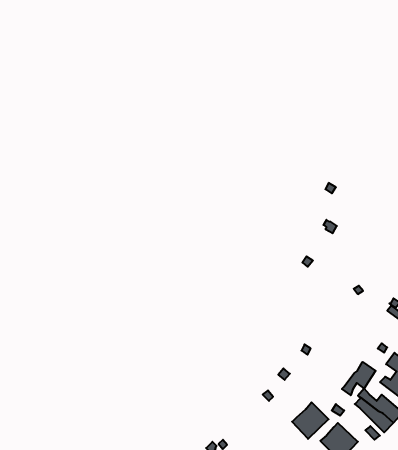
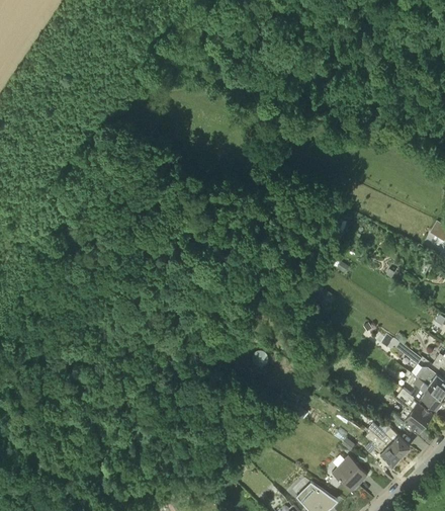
building: [342,362,376,395] -> none
building: [292,402,329,439] -> none

